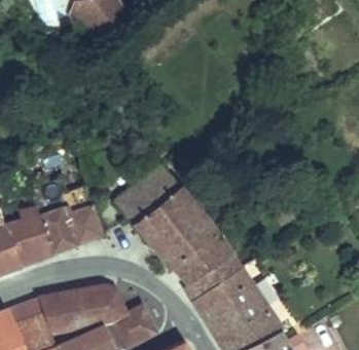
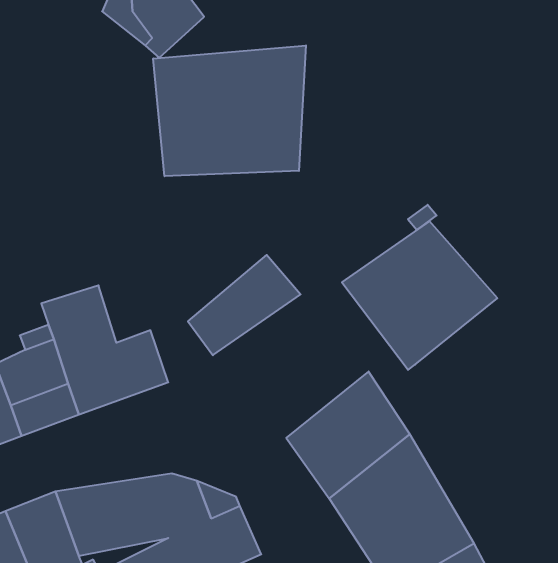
building: none -> [153,45,306,176]
building: [131,185,220,270] -> [342,221,497,370]

